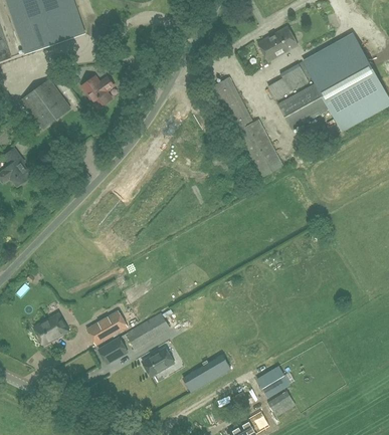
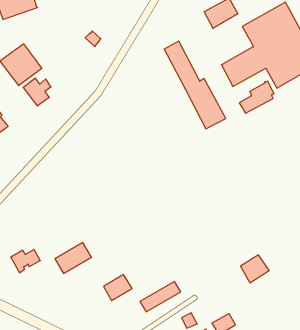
building: [269,61,310,98] -> [239,81,274,113]
building: [81,75,114,107] -> [23,78,51,106]
building: [126,312,170,349] -> none
building: [99,338,127,363] -> none
building: [256,365,289,397] -> [240,255,269,283]

